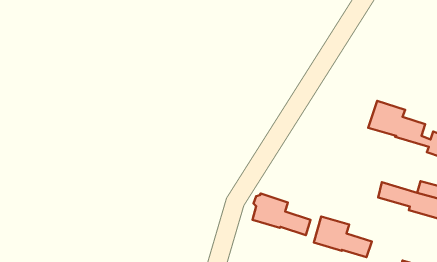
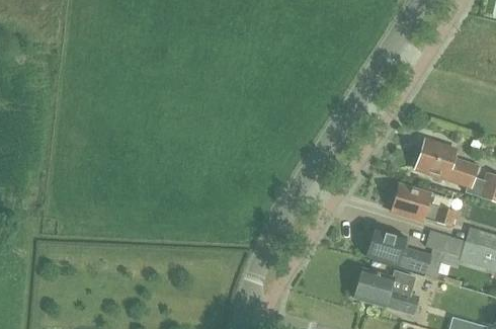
building: none -> [392,184,457,226]
building: [253,194,310,235] -> [367,227,432,273]

